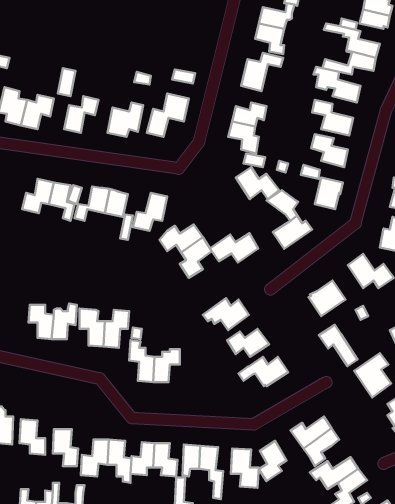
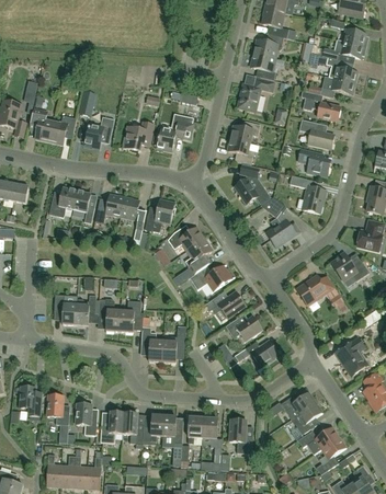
building: [210,233,258,262] -> [190,264,231,289]
building: [319,325,357,366] -> none
building: [259,441,286,481] -> none

